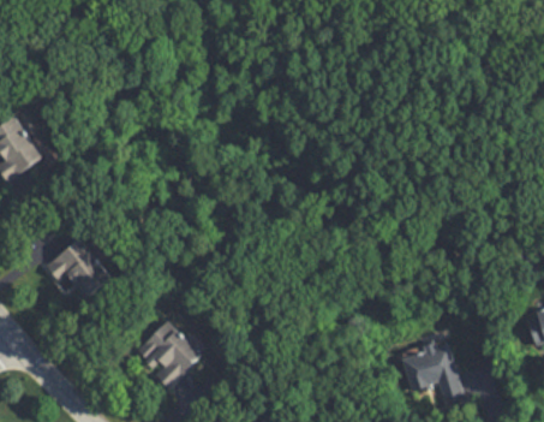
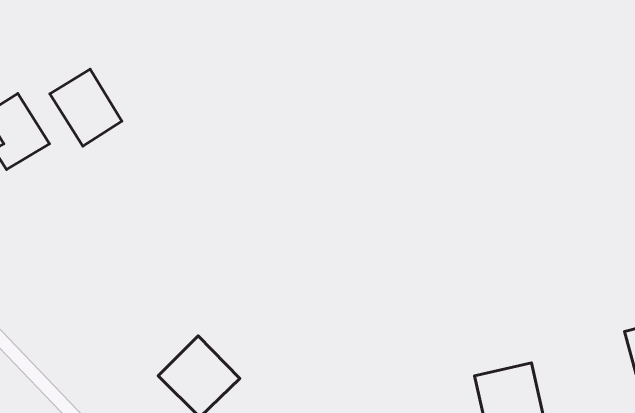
building: none -> [50,69,122,146]
building: [46,238,110,298] -> none

